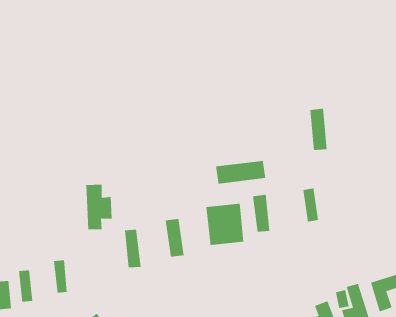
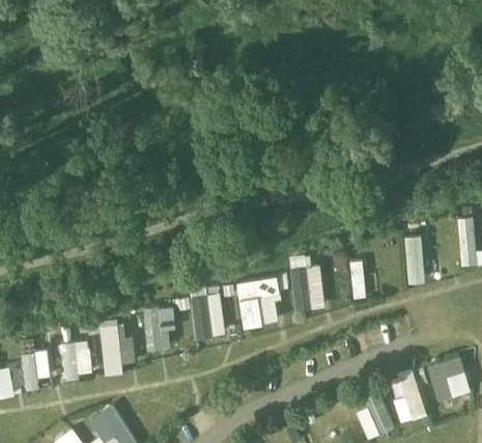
building: [309,108,327,150] -> [405,234,426,283]
building: [215,160,266,184] -> none
building: [86,184,113,230] -> [105,322,136,375]

